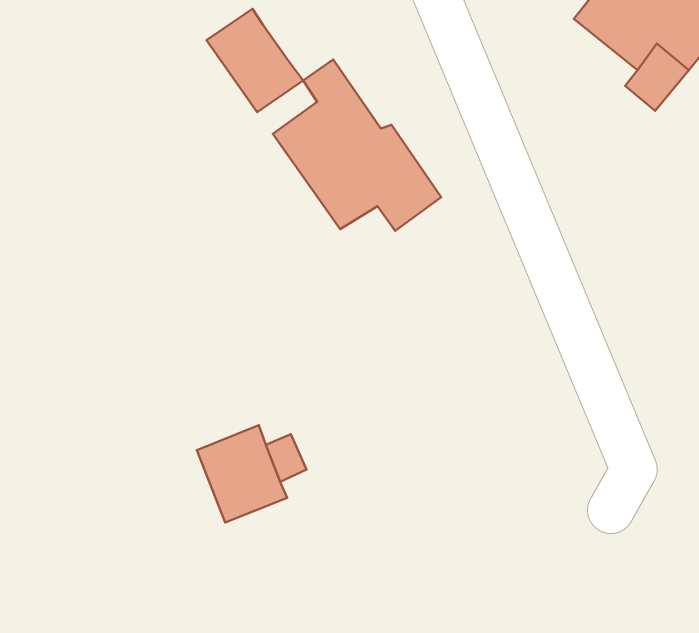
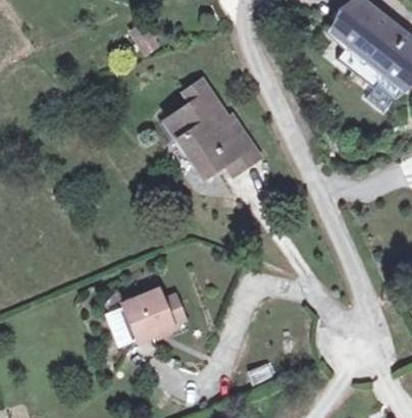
building: [207,9,303,112] -> none

